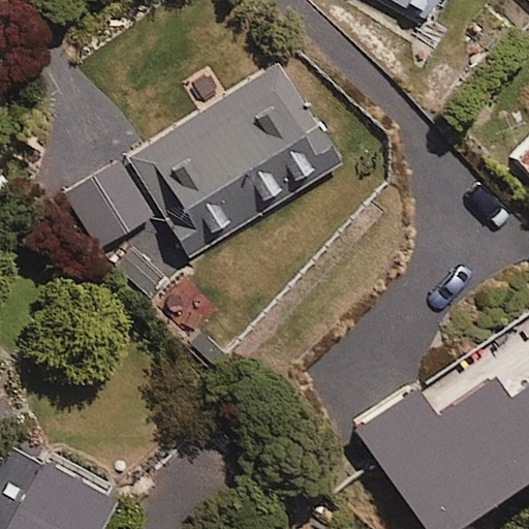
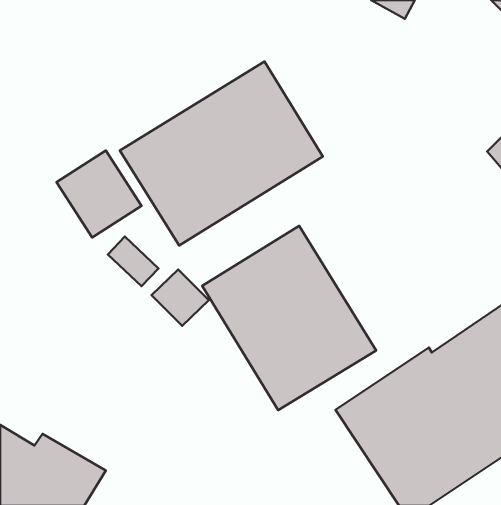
building: none -> [202,226,376,410]

